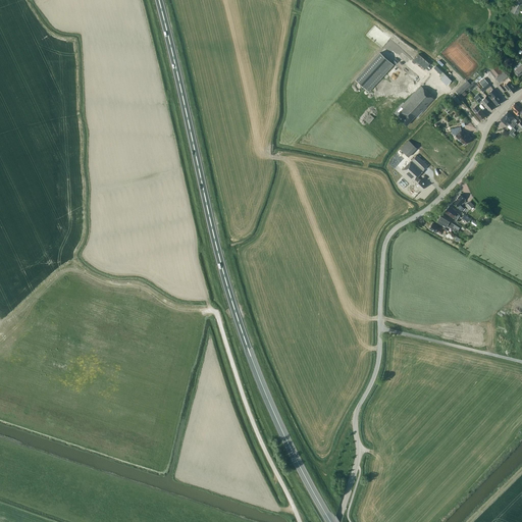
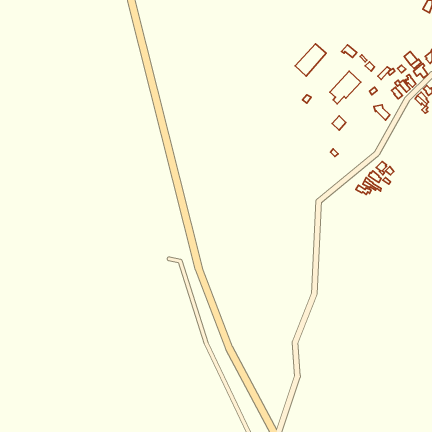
building: [402,155,428,190] -> none

